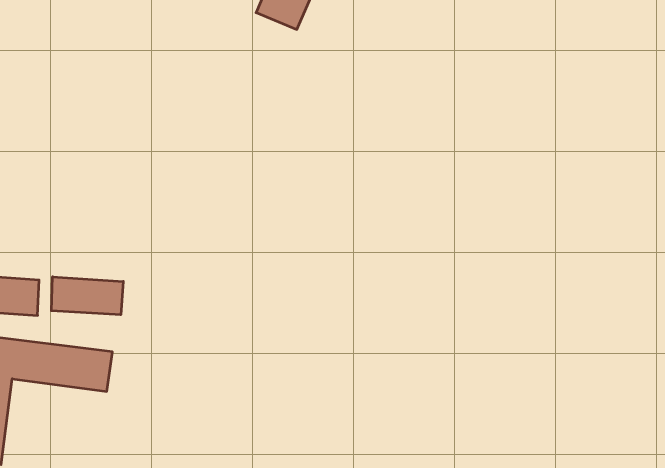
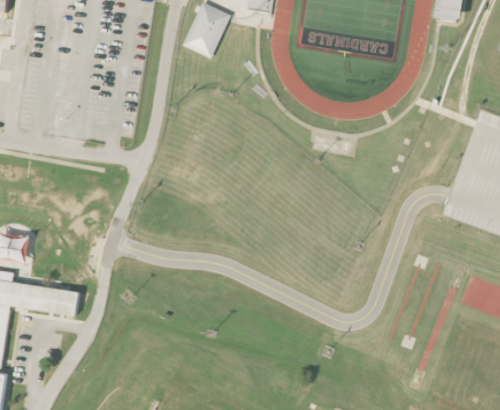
building: [51,277,123,315] -> none

